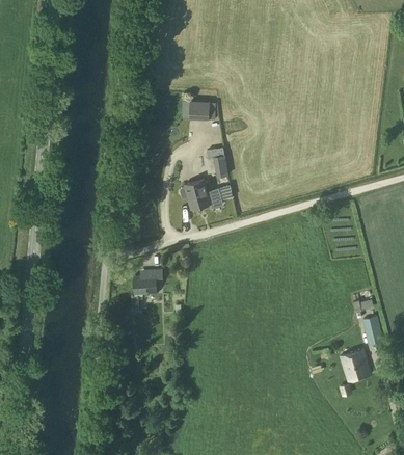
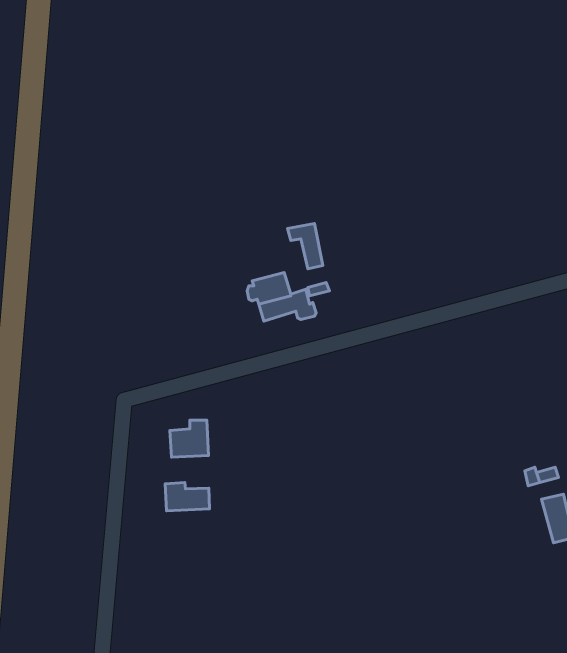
building: [189,101,216,119] -> none
building: none -> [165,482,209,511]
building: [341,349,371,381] -> none

